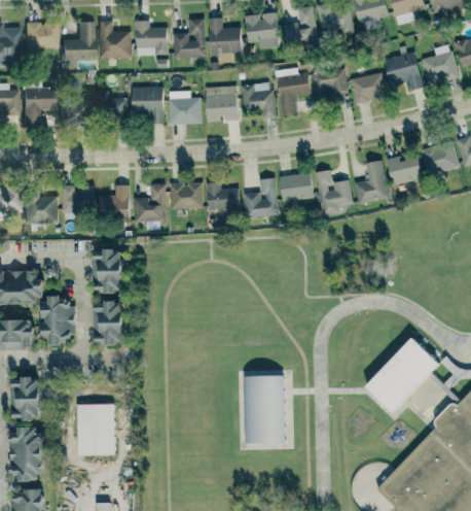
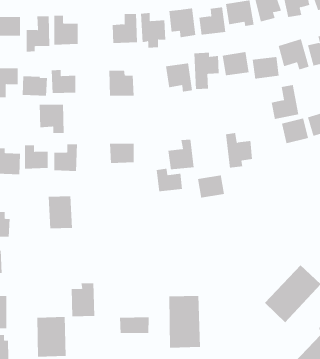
building: [135,20,168,56] -> none
building: [206,86,237,122] -> none
building: [132,87,165,124] -> [39,104,65,133]
building: [354,160,390,204] -> [271,85,299,119]
building: [279,172,314,202] -> [197,175,225,198]
building: [206,181,240,211] -> [156,168,183,192]
building: [134,183,167,222] -> none
building: [42,298,75,343] -> none
building: [93,301,123,344] -> [71,283,95,317]
building: none -> [120,316,149,334]

